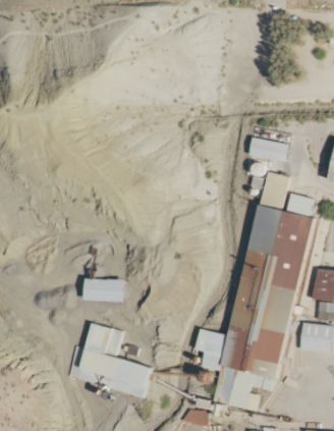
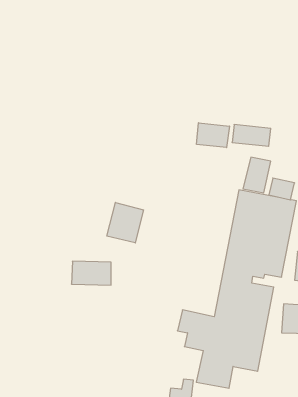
building: none -> [197,123,229,148]
building: none -> [107,202,143,243]
building: [66,323,152,398] -> none

